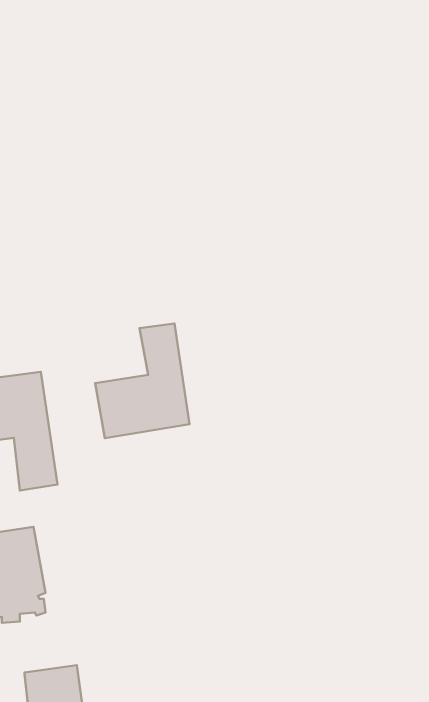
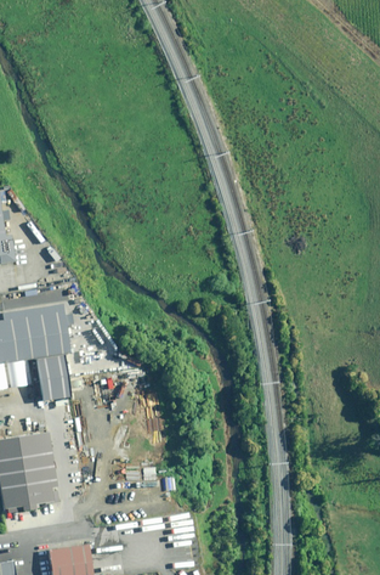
building: [95,324,189,438] -> none

